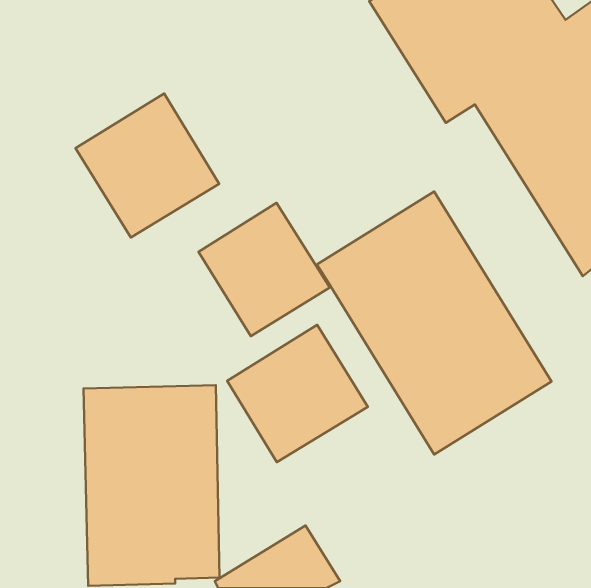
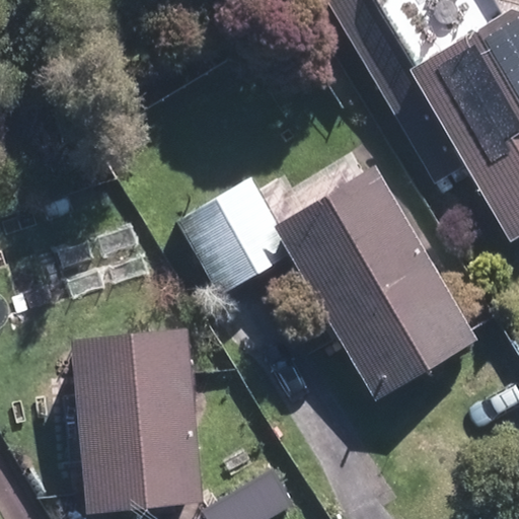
building: [75,93,219,238] -> none
building: [227,325,368,462] -> none

